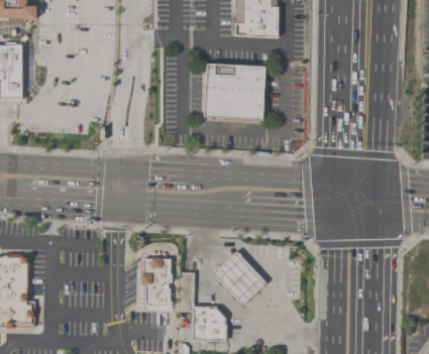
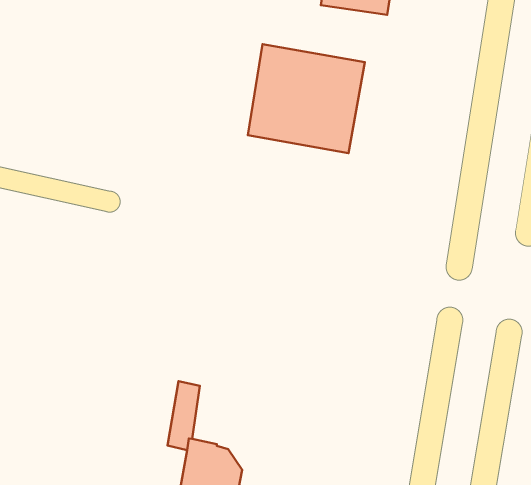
building: [211,248,267,305] -> none
building: [141,256,172,308] -> none

